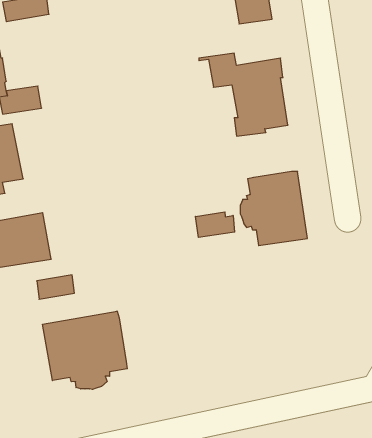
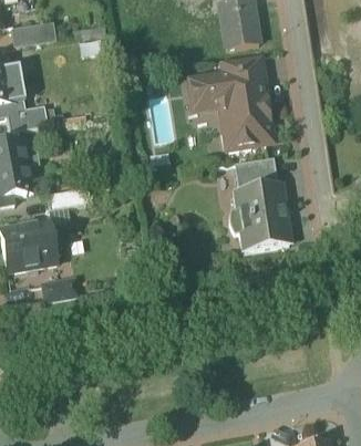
building: none -> [220,55,264,87]
building: none -> [235,158,274,189]
building: [195,212,235,237] -> none
building: [43,311,127,389] -> none

